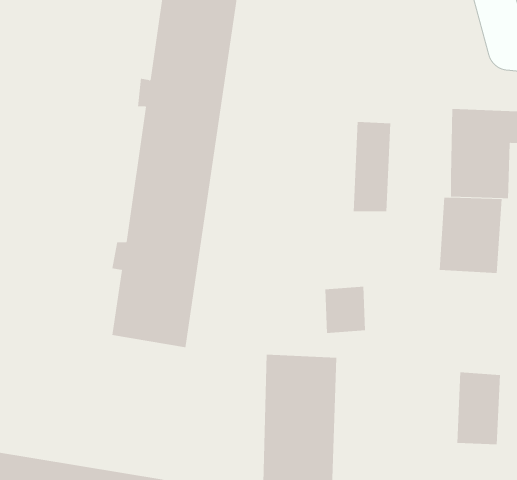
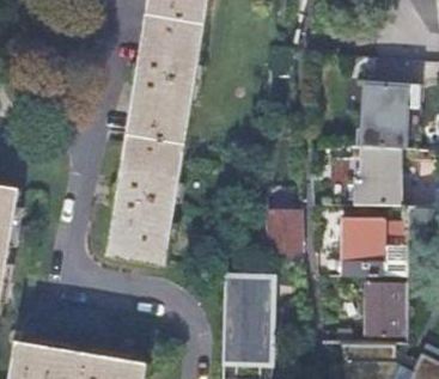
building: [353,121,391,212] -> none
building: none -> [340,218,407,280]

